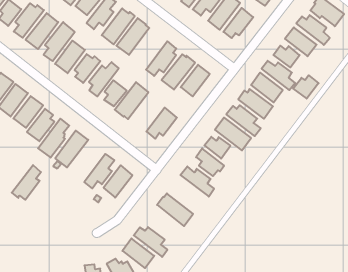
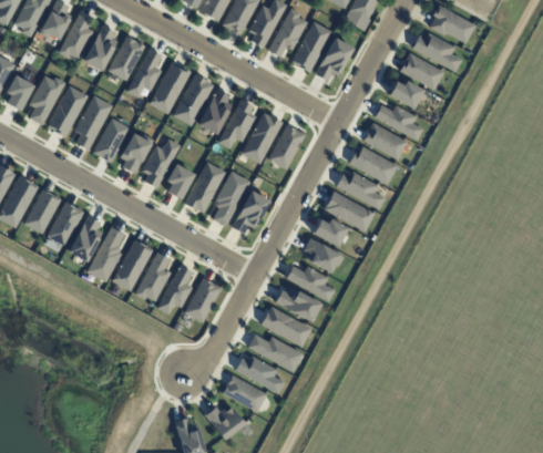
building: none -> [197,87,232,134]
building: [293,75,319,99] -> none
building: none -> [212,171,250,226]
building: [12,165,41,200] -> [134,251,170,300]
building: none -> [275,287,321,321]
building: none -> [248,334,304,372]

